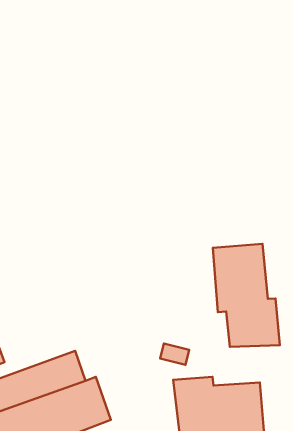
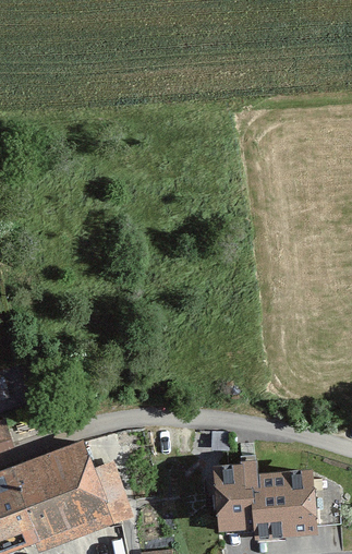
building: [213,244,280,347] -> none

